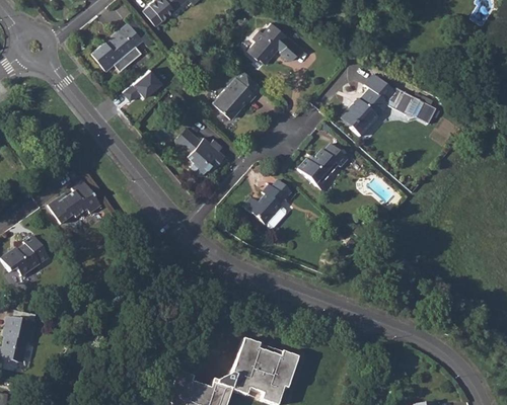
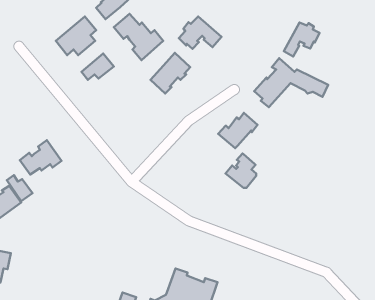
building: none -> [114,14,163,60]
building: none -> [284,23,320,56]
building: [186,136,225,176] -> none
building: [248,186,287,230] -> [226,154,256,188]
building: none -> [7,175,33,201]

